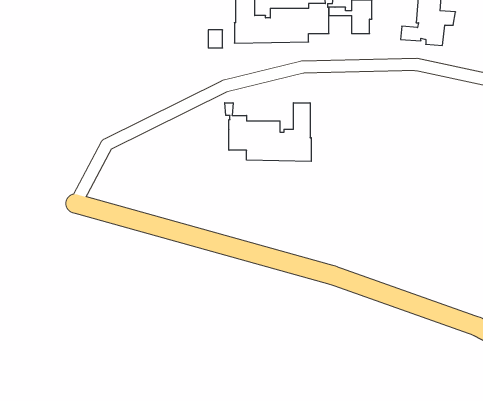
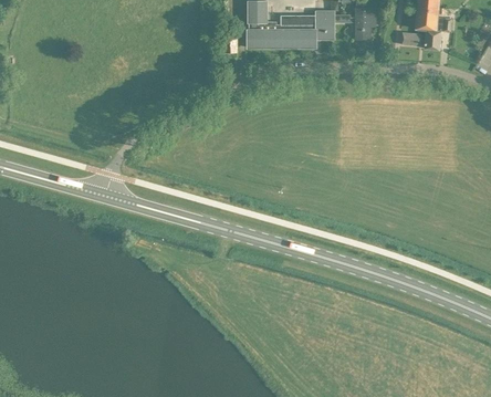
building: [225,103,311,161] -> none

